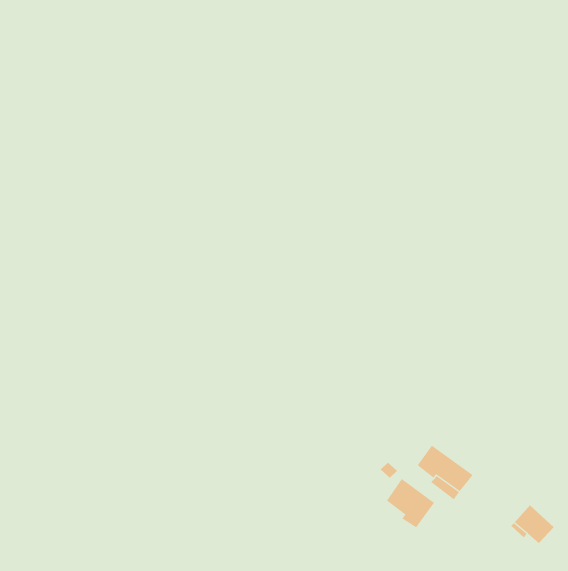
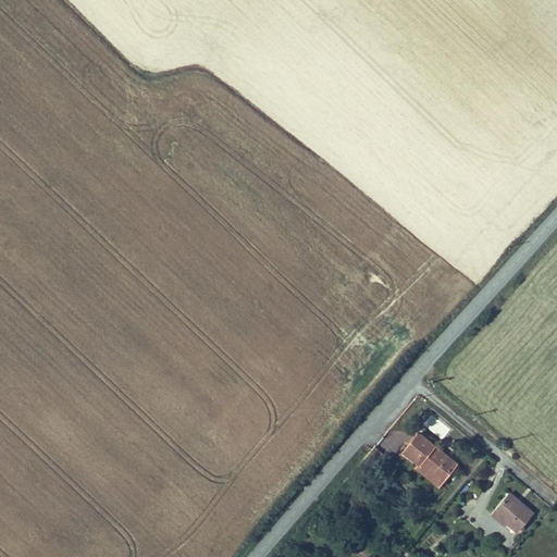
building: [386,478,435,528] -> none

